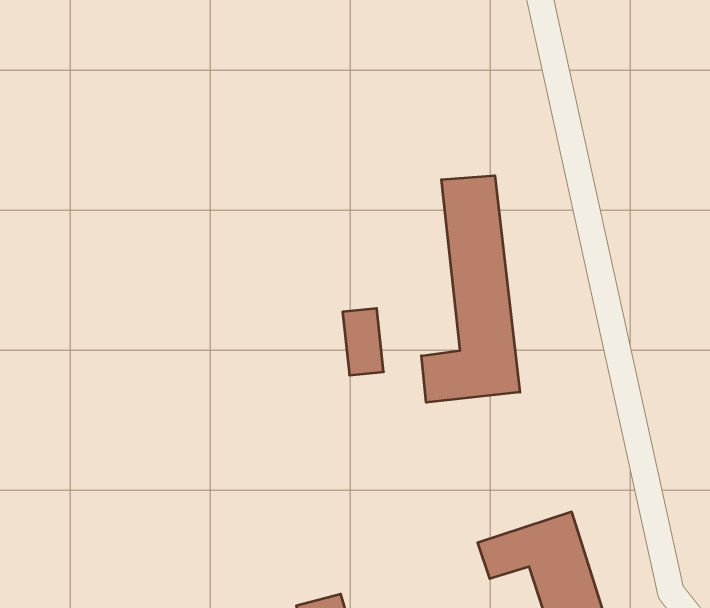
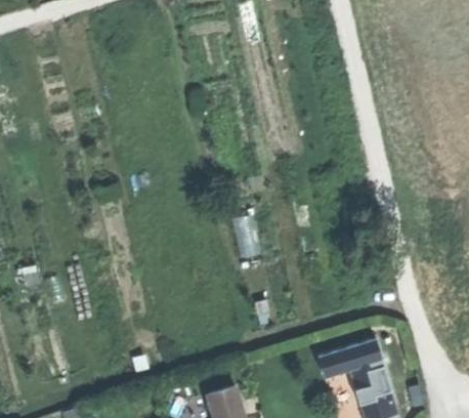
building: [421,176,520,402] -> none

